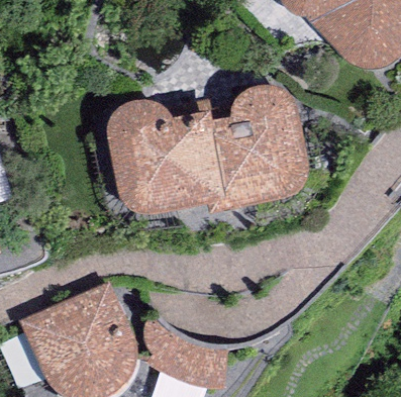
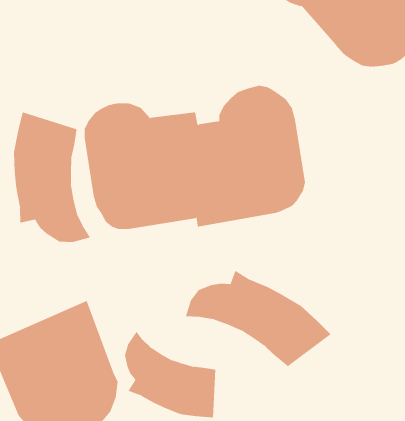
building: none -> [13,112,91,243]
building: none -> [185,270,331,367]

